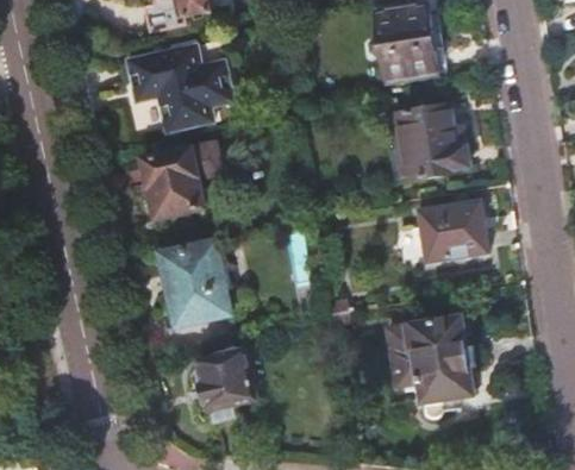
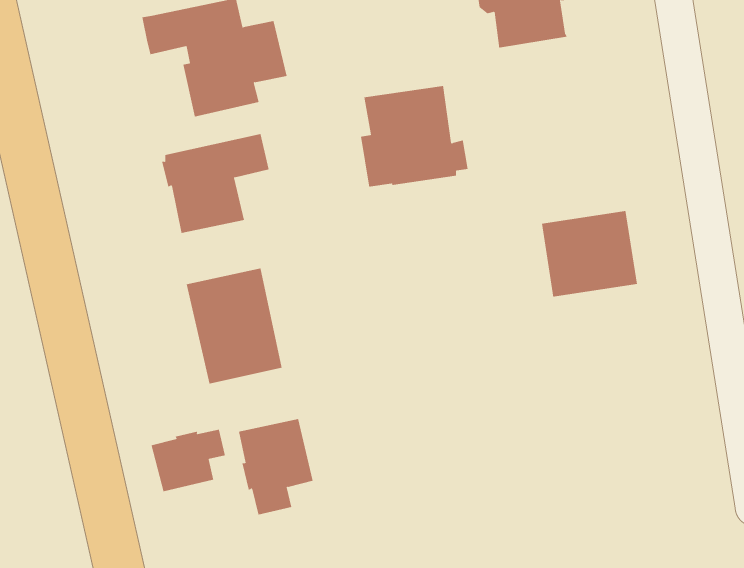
building: [389,106,468,180] -> [360,86,468,187]
building: [388,319,473,405] -> none
building: none -> [151,429,225,492]

